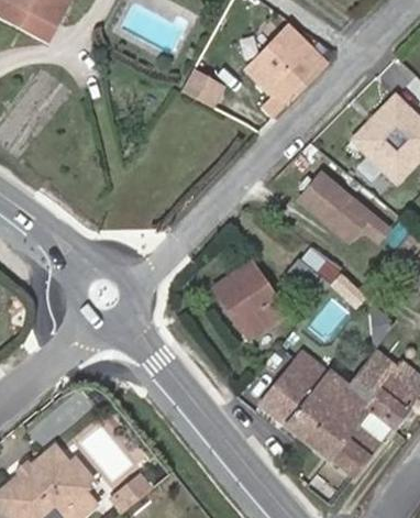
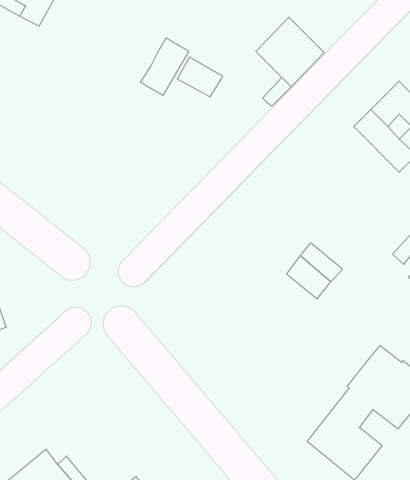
building: none -> [140,38,189,96]
building: [300,172,390,241] -> none
building: [215,263,286,340] -> none
building: [262,353,347,440] -> none

